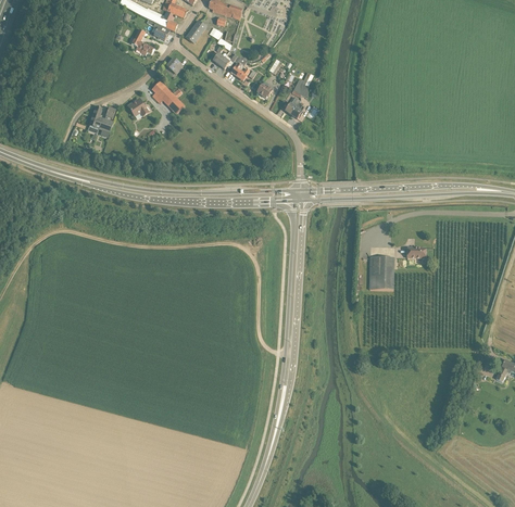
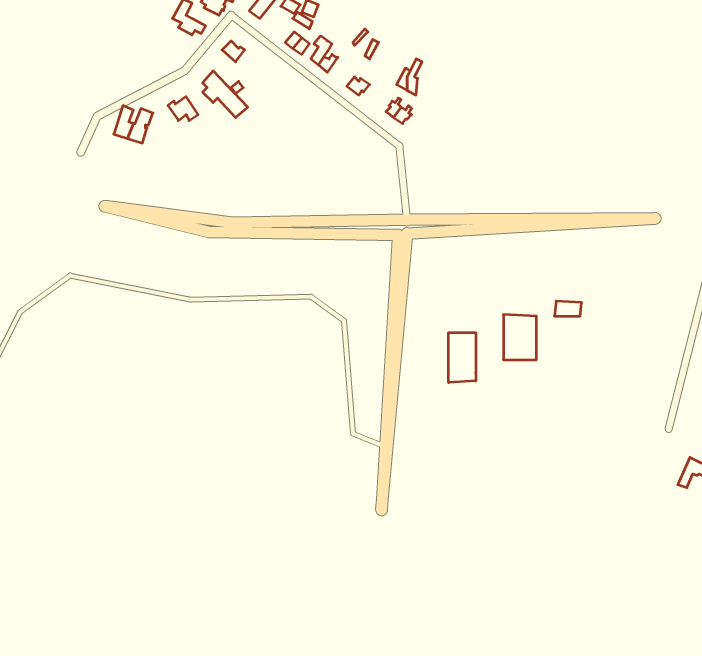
building: none -> [449,333,476,383]

